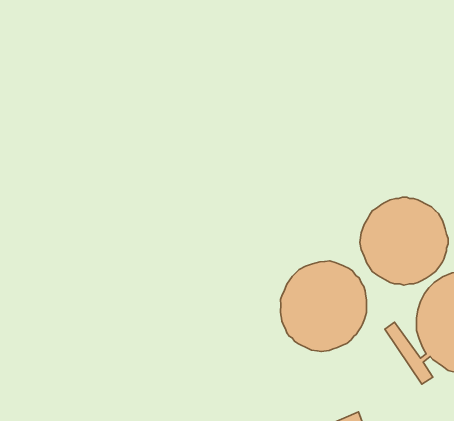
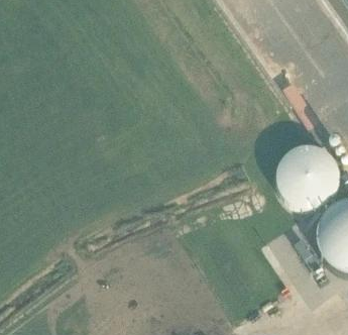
building: [281,261,367,351] -> none

